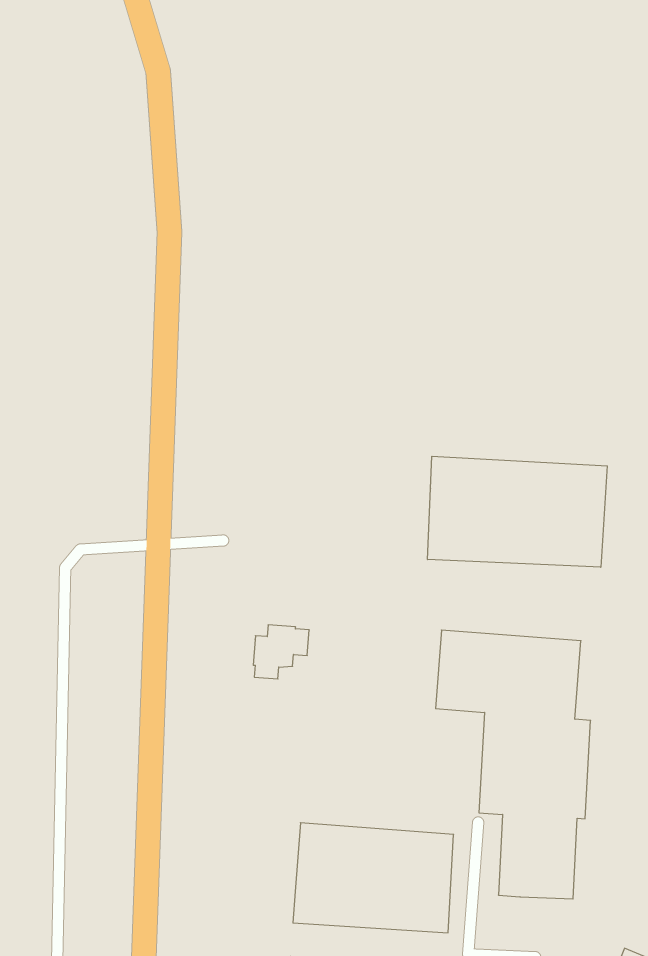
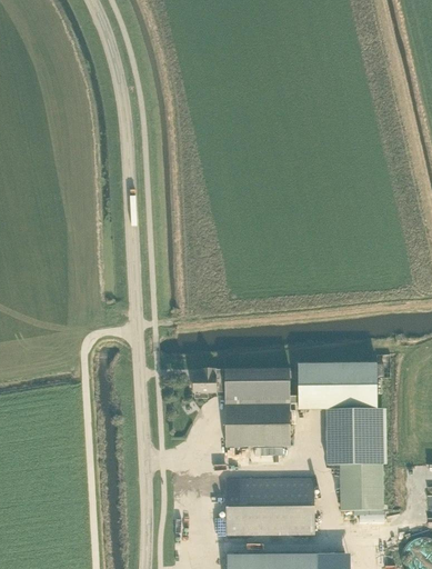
building: [428,456,607,567] -> none
building: none -> [225,368,294,461]

